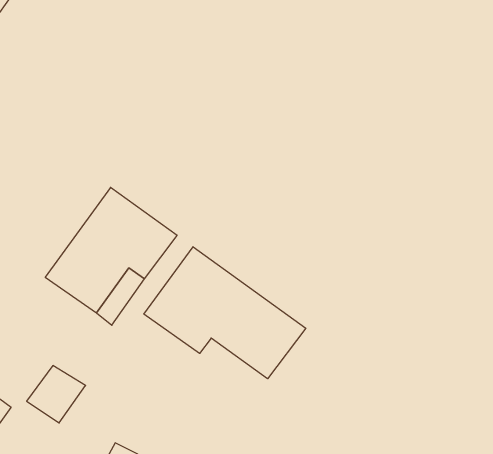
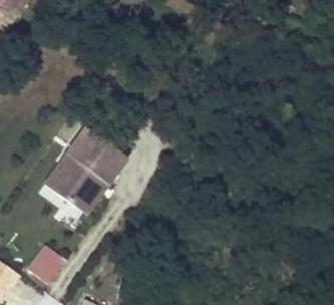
building: [144,247,306,379] -> none

